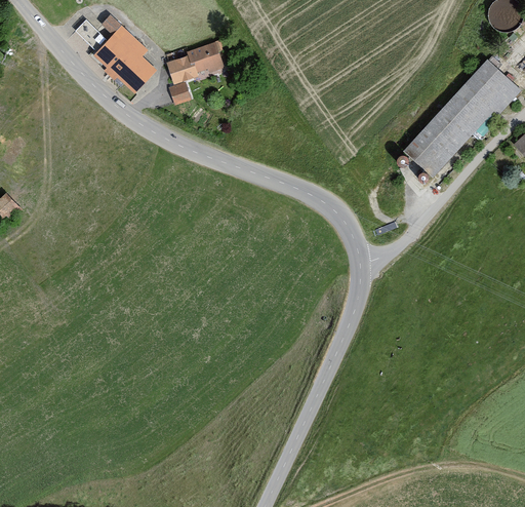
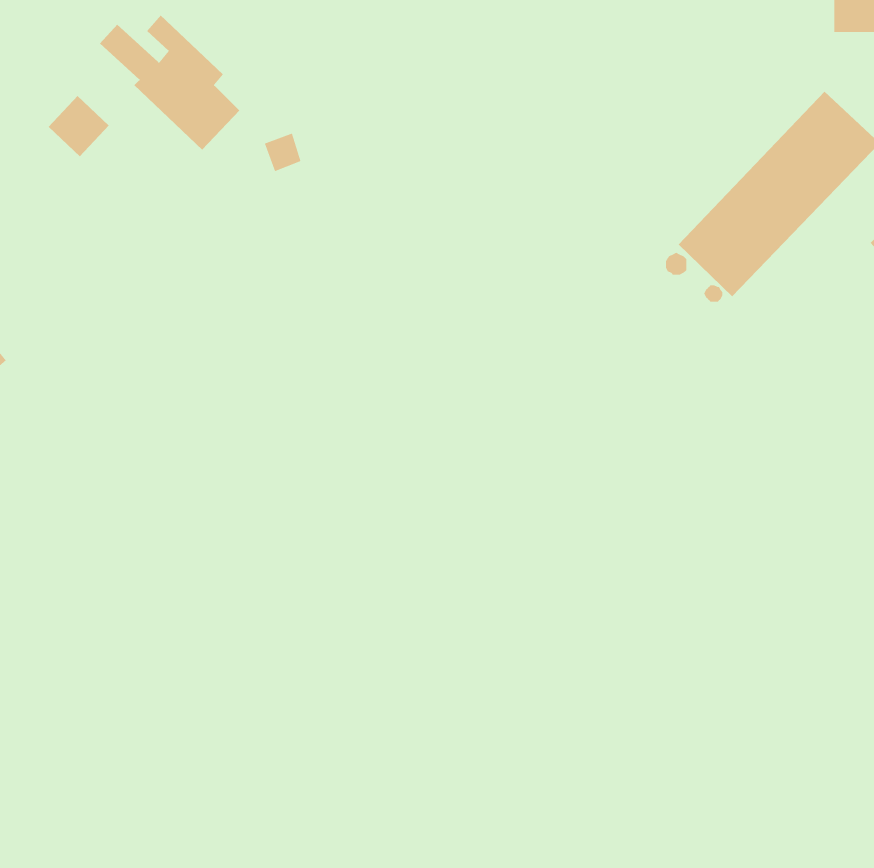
building: [168,43,223,83] -> none
building: none -> [48,95,110,157]

